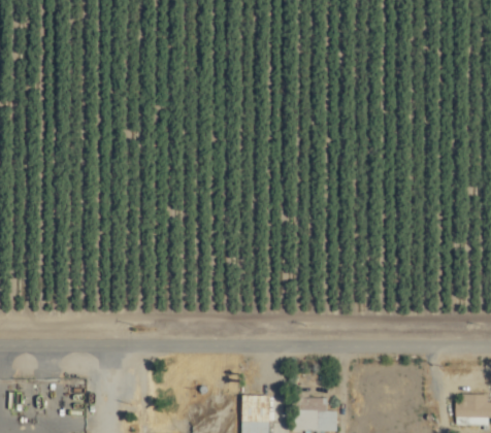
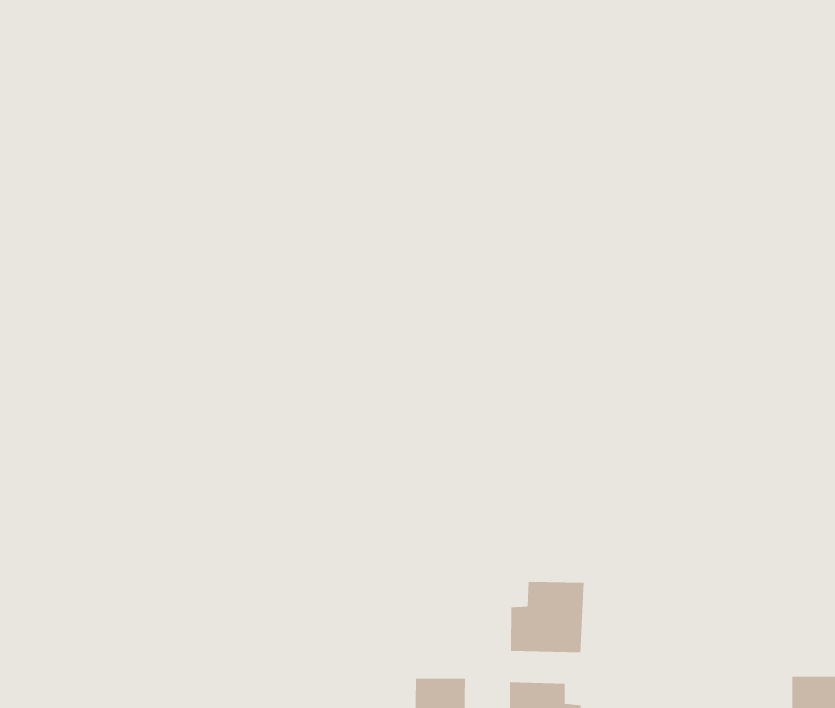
building: none -> [511,581,584,653]

